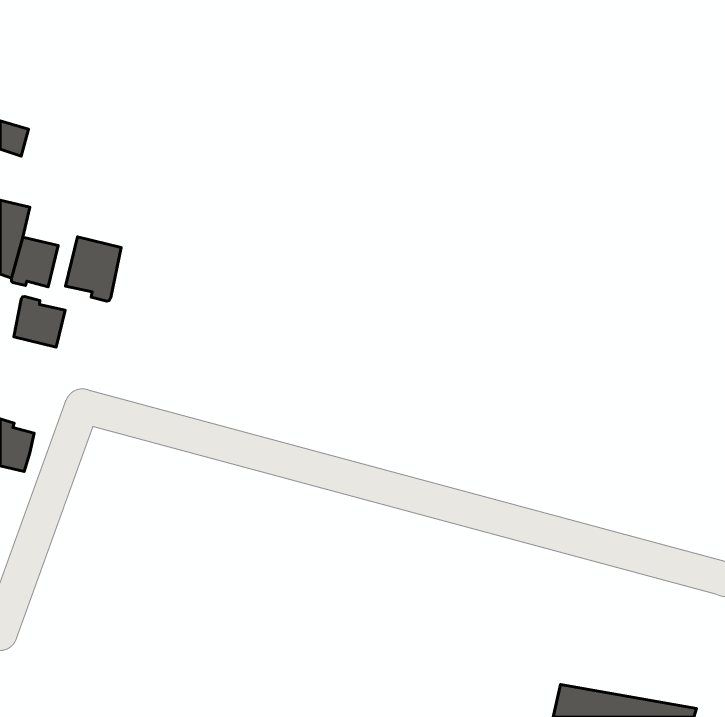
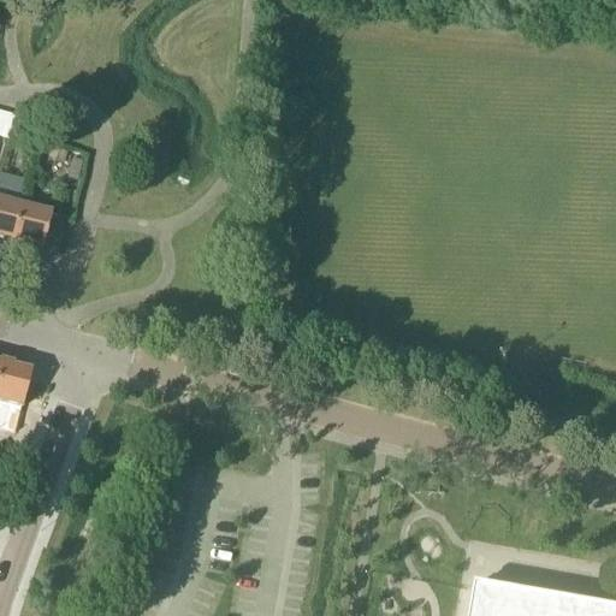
building: [65,237,121,301] -> none
building: [14,296,65,347] -> none

